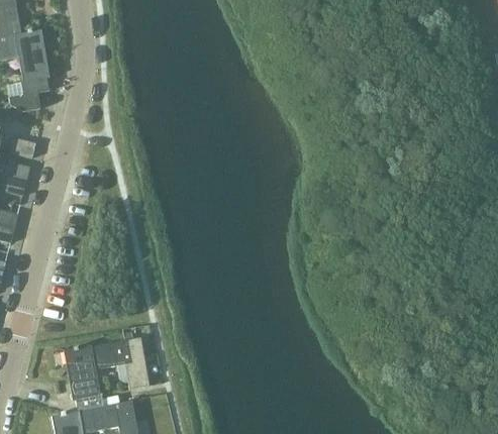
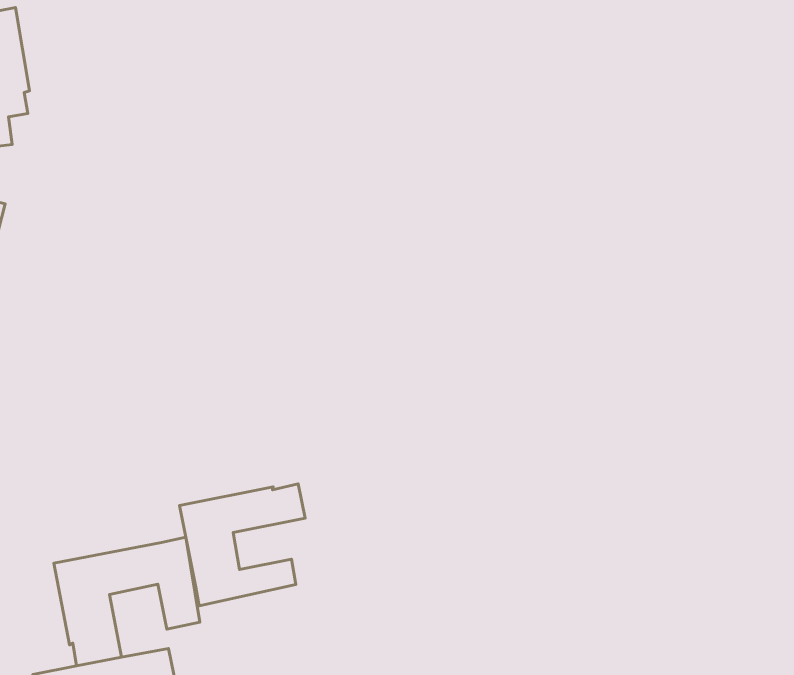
building: none -> [179,484,305,606]

